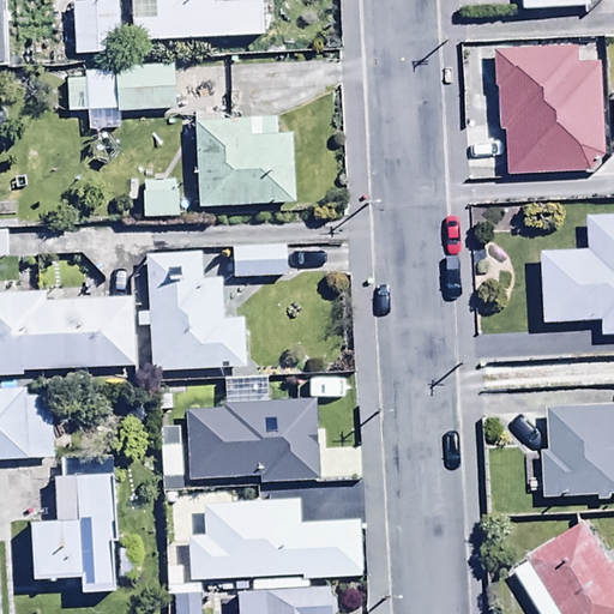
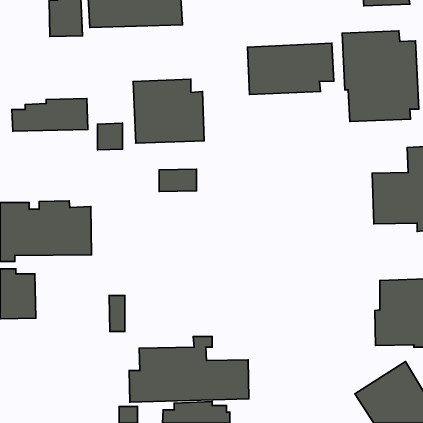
building: none -> [247,43,334,95]
building: [67,64,176,110] -> [12,99,88,131]
building: [139,252,247,372] -> none
building: [187,375,318,478] -> none
building: [30,452,119,591] -> none

